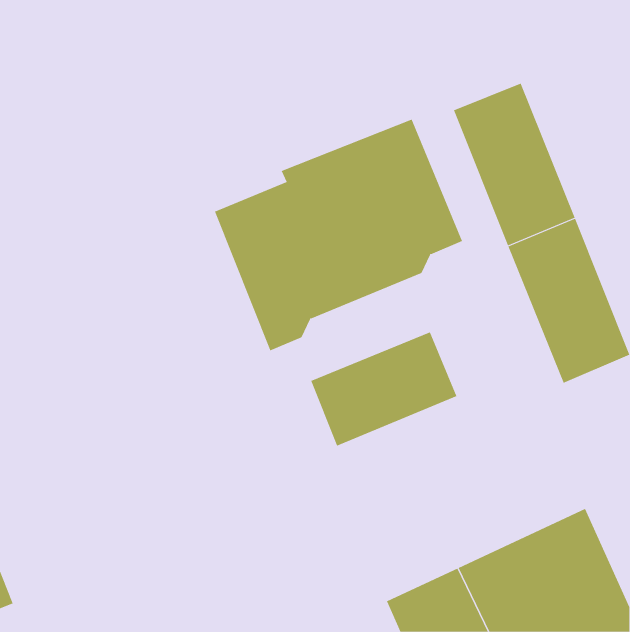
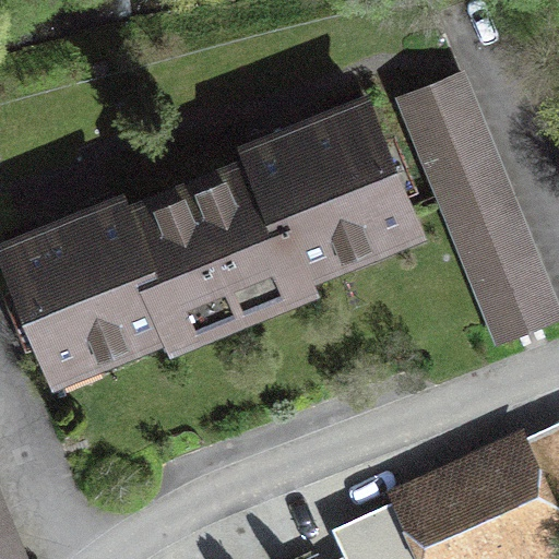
building: none -> [4,187,238,359]
building: [311,331,457,446] -> none

